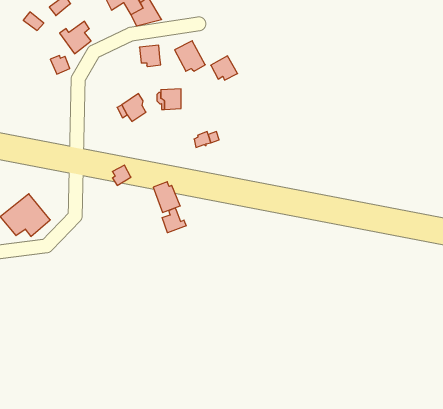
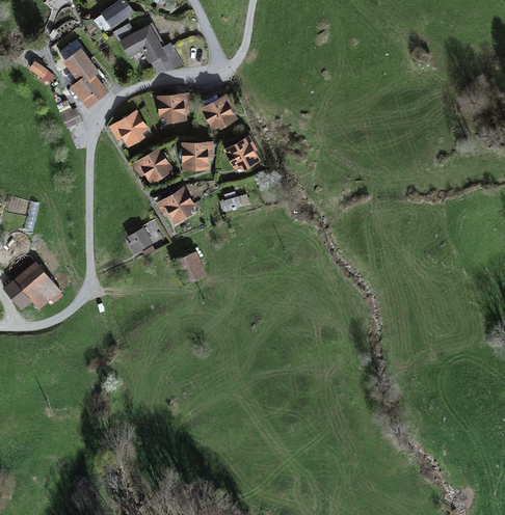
building: none -> [67,51,96,81]
building: [211,56,238,80] -> [228,140,258,167]
building: none -> [112,113,145,143]
building: none -> [159,190,192,220]
building: [162,208,186,233] -> none

